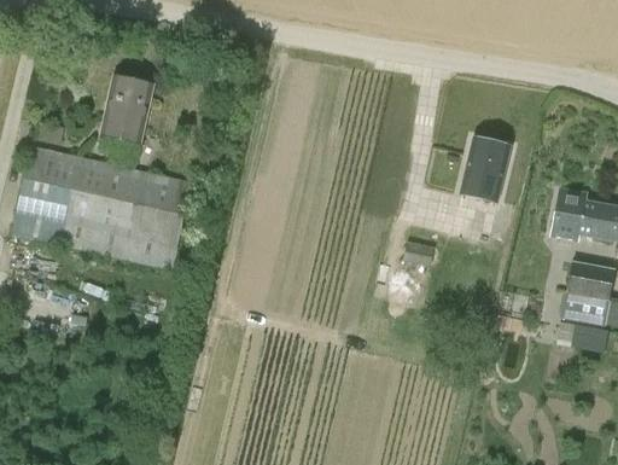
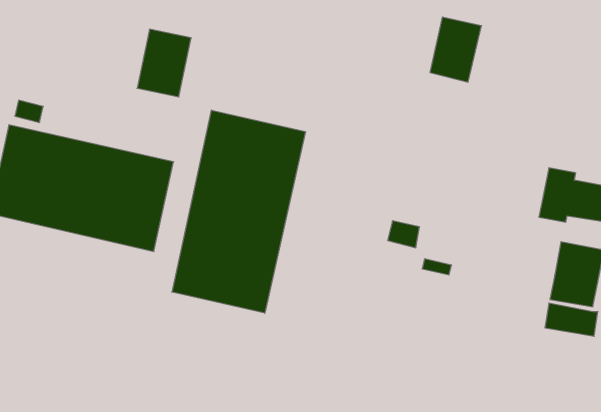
building: [100,75,153,141] -> [137,29,191,97]
building: none -> [172,110,306,313]
building: [460,136,511,200] -> [430,17,482,82]

